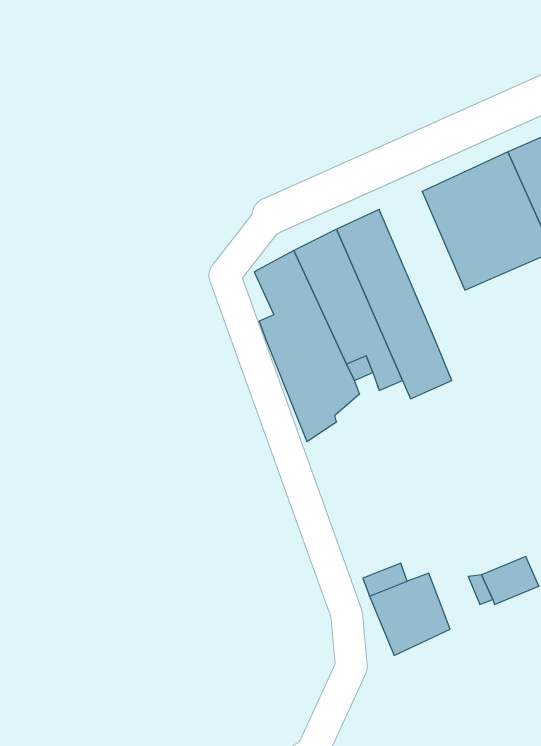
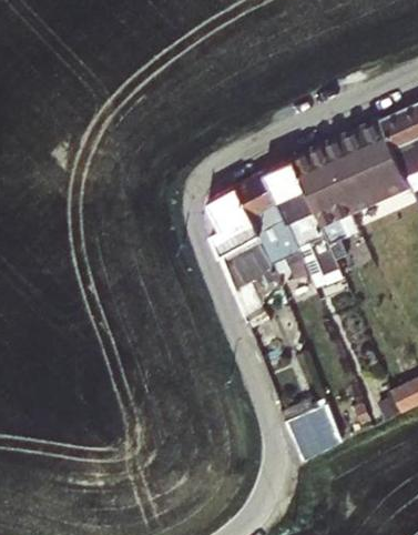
building: none -> [295,147,360,244]

